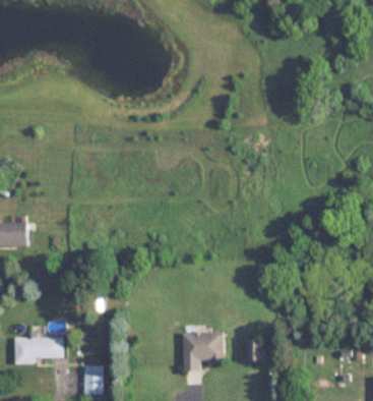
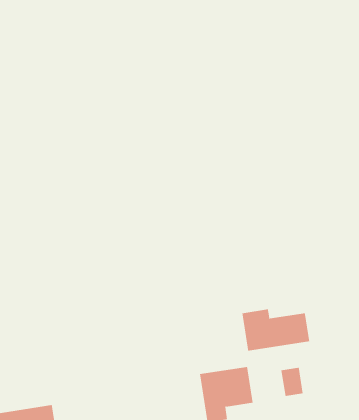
building: none -> [242,309,310,352]

